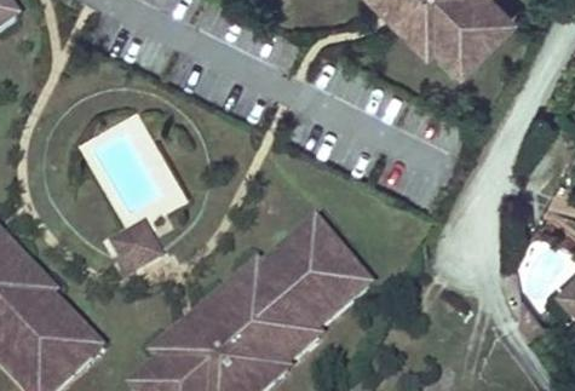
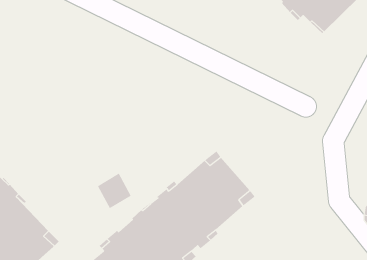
building: [111,226,159,276] -> [97,173,132,209]

